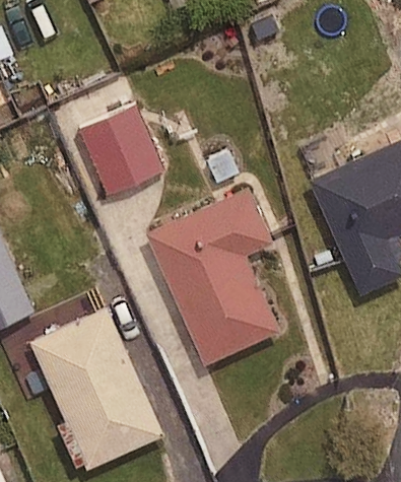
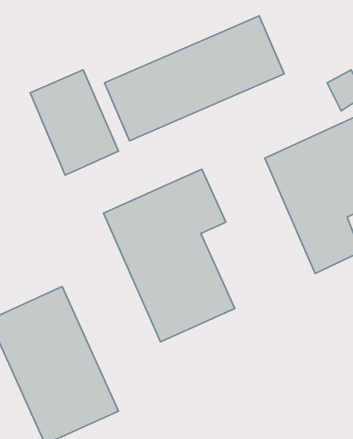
building: none -> [104,16,284,141]

